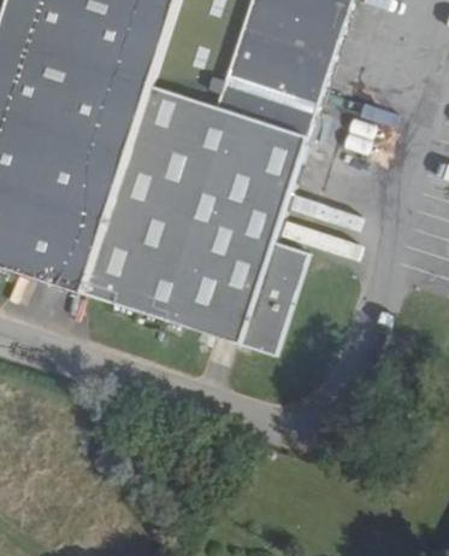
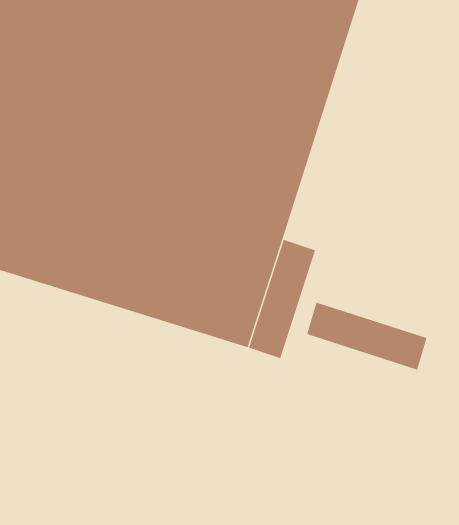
building: none -> [307,302,427,370]

